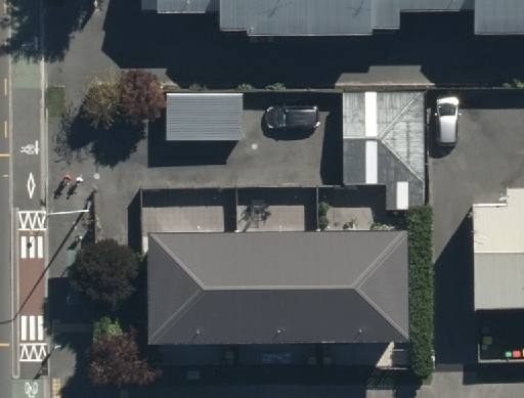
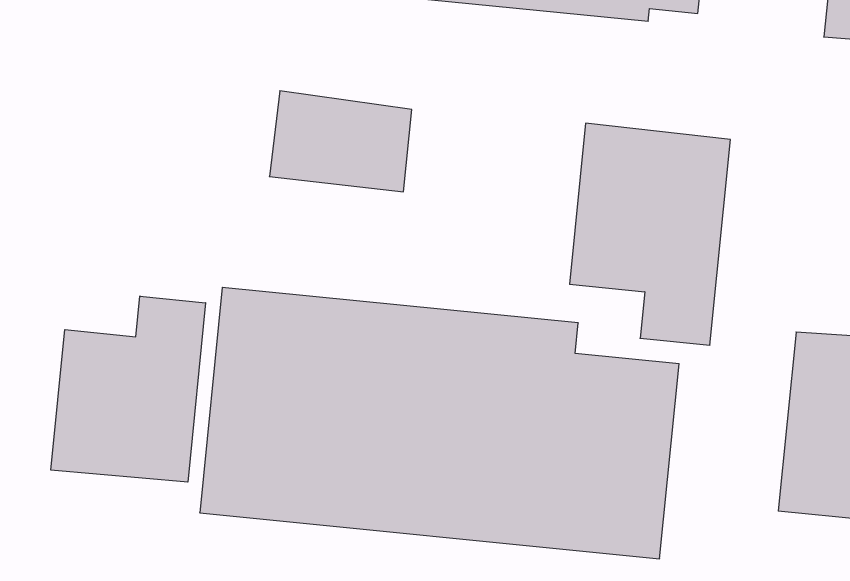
building: none -> [51,296,206,482]

